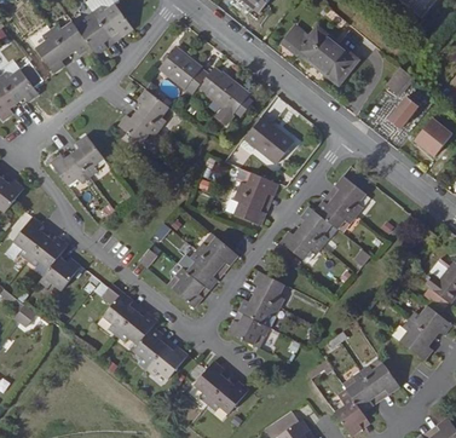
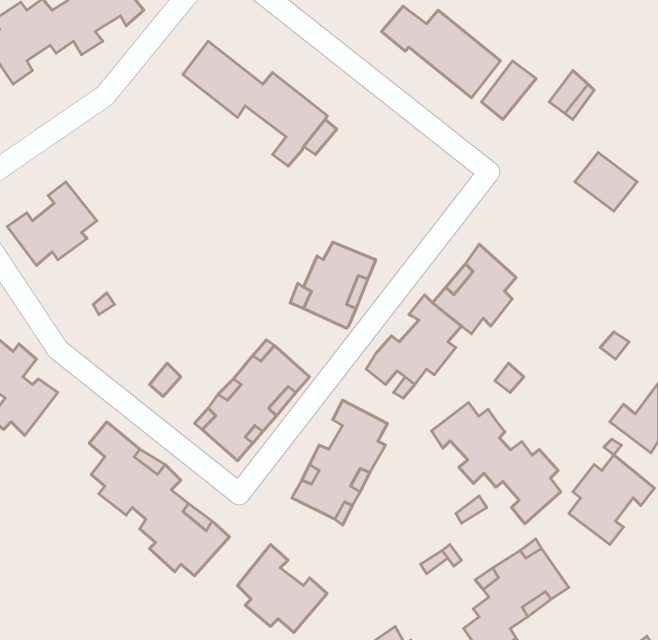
building: [119,88,171,143] -> none
building: [386,96,420,132] -> [481,61,536,119]
building: [246,115,295,163] -> none
building: none -> [432,403,561,524]

